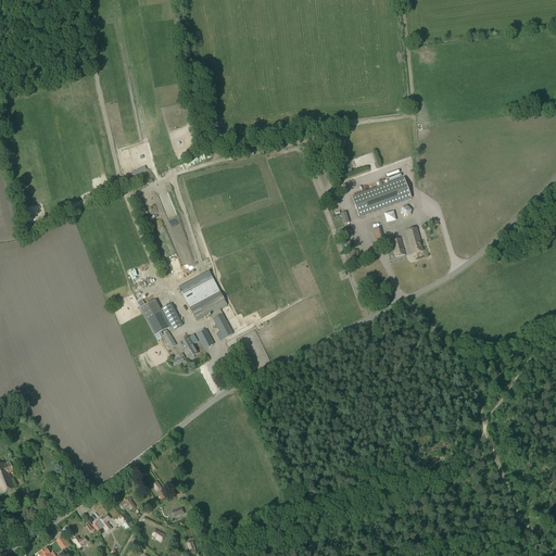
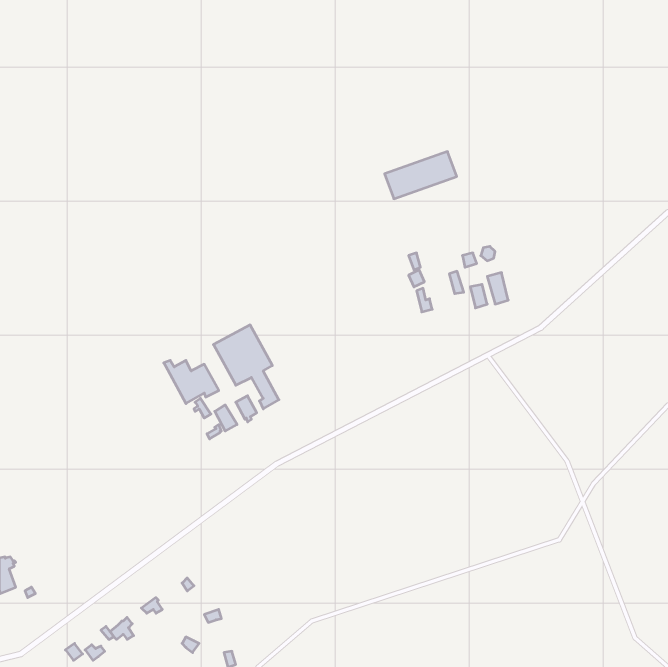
building: [351,176,410,215] -> [385,152,457,199]

